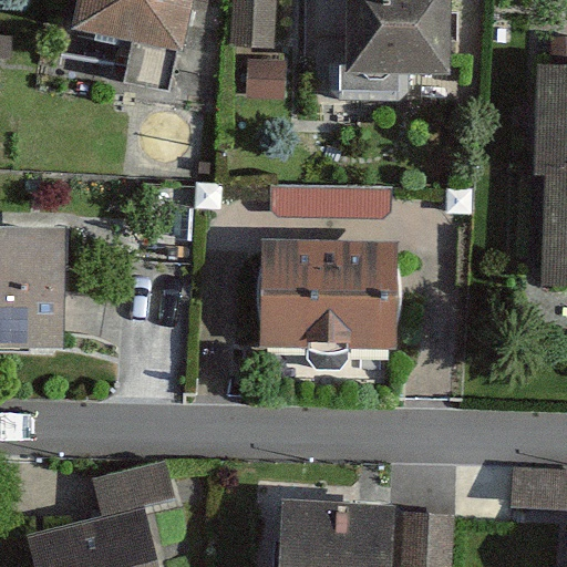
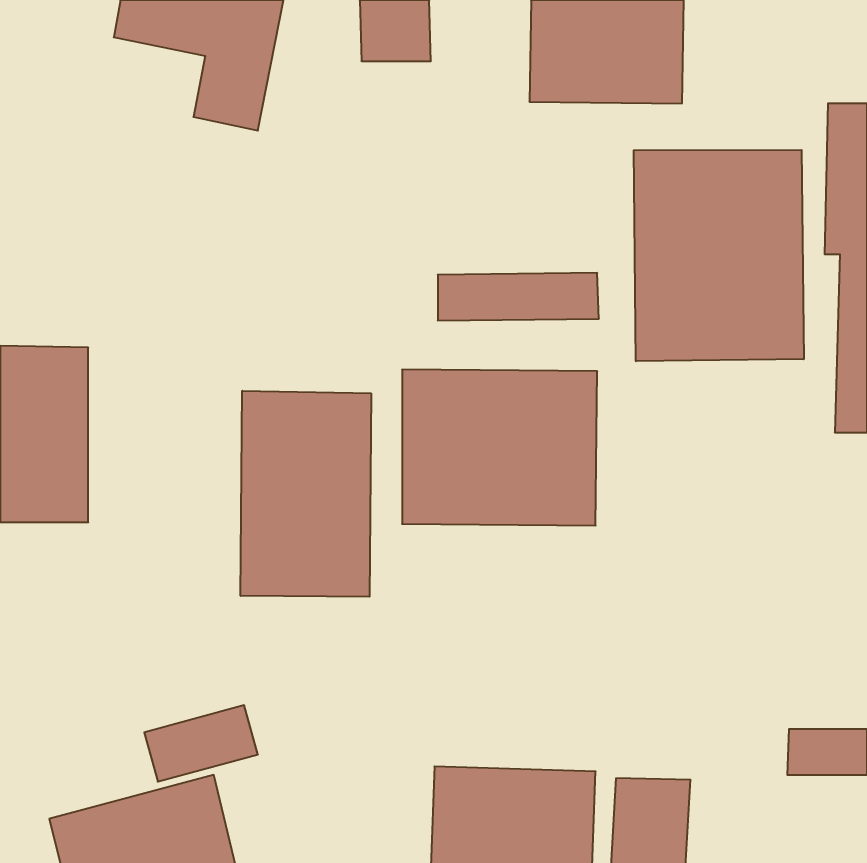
building: none -> [634,150,804,361]
building: none -> [241,391,371,597]

